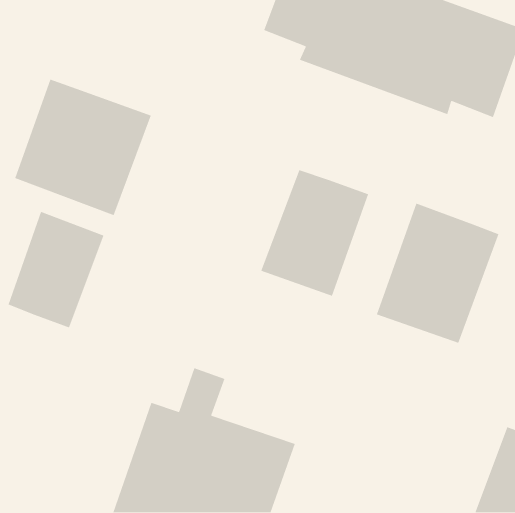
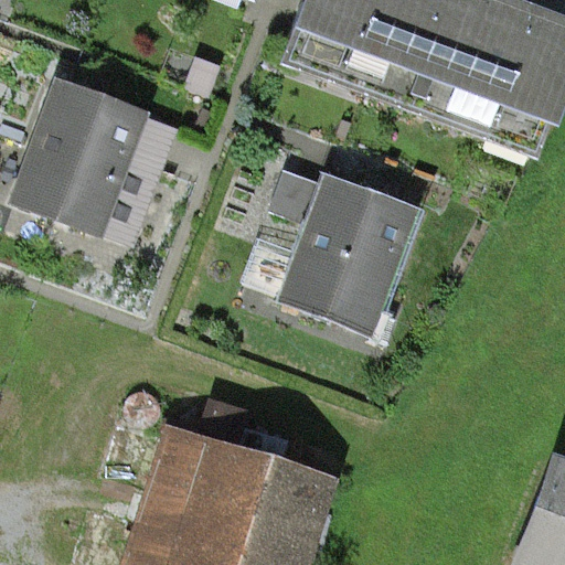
building: [376,202,499,344] -> none
building: [7,211,104,329] -> none

